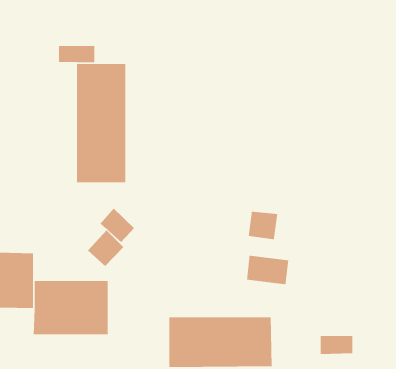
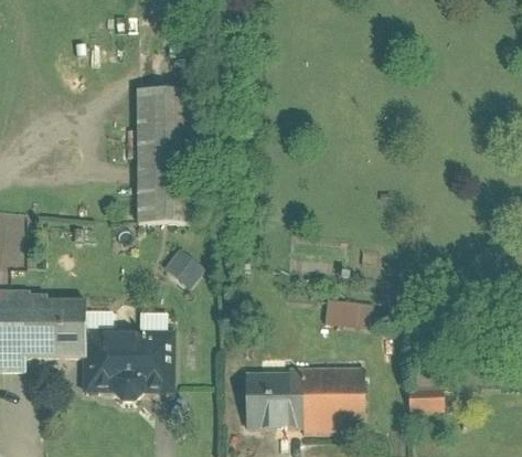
building: [58,45,95,63] -> none
building: [248,211,278,240] -> none
building: [87,229,124,267] -> none

